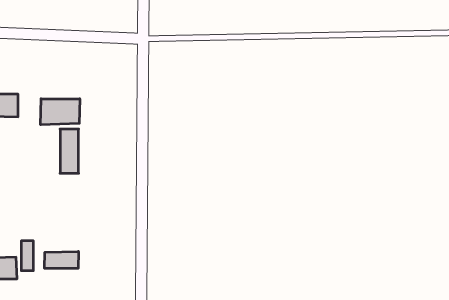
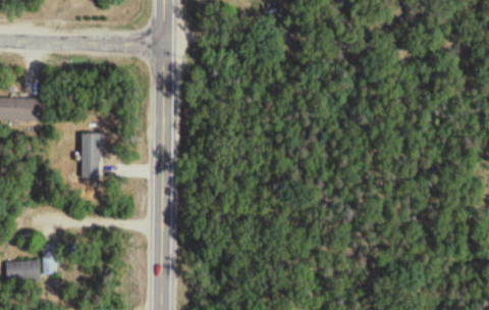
building: [41,99,80,125] -> none
building: [45,251,78,268] -> none

